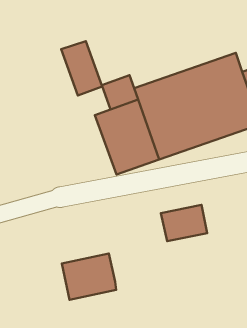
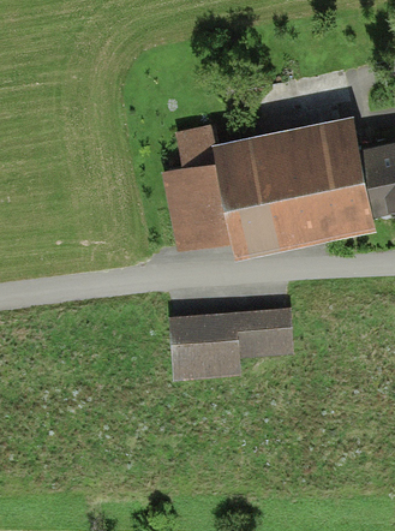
building: [61,41,102,95] -> none
building: [62,254,116,300] -> [169,317,237,371]

